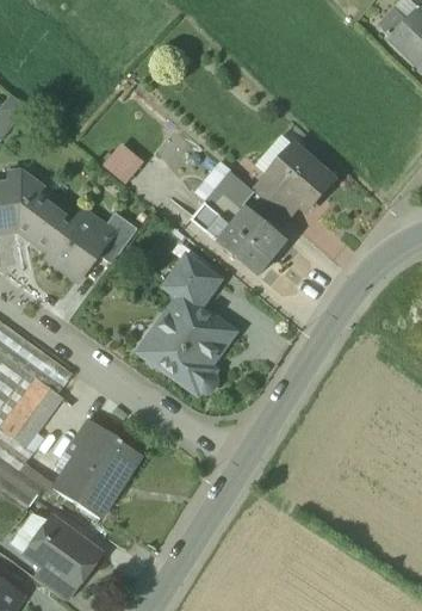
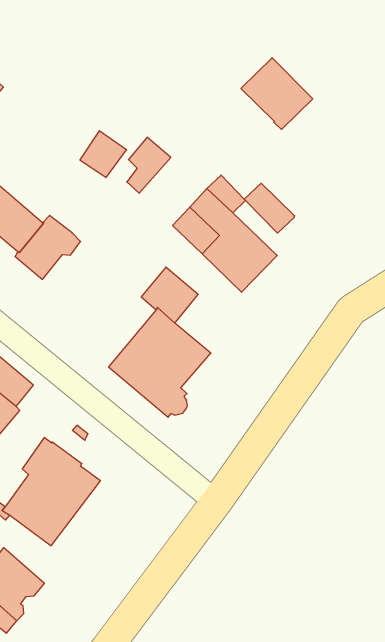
building: [267,144,333,209] -> [241,58,313,129]
building: [99,210,137,261] -> [127,137,171,193]

